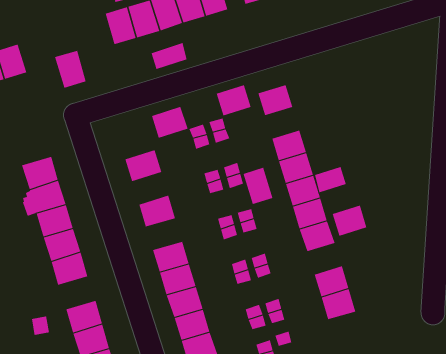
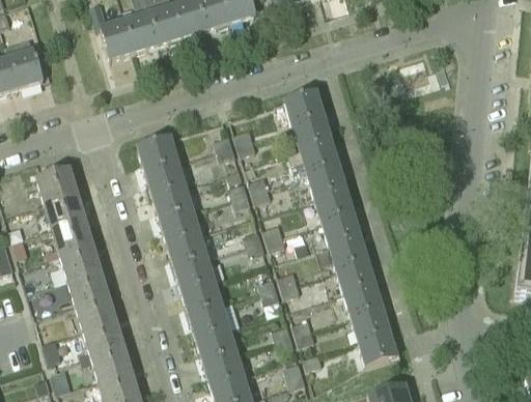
building: [151,42,187,70] -> none
building: [54,50,87,88] -> [100,18,134,58]
building: [216,85,251,116] -> [292,116,330,149]
building: [151,106,189,139] -> [138,137,177,171]
building: [314,166,346,193] -> none
building: [243,167,273,205] -> none
building: none -> [152,184,192,219]
building: [332,205,367,236] -> [337,259,374,292]
building: none -> [167,230,216,266]
building: none -> [75,294,115,328]
building: none -> [359,332,396,365]

